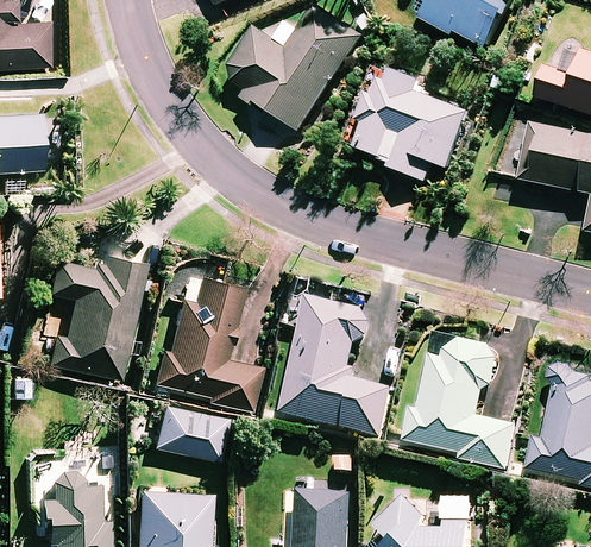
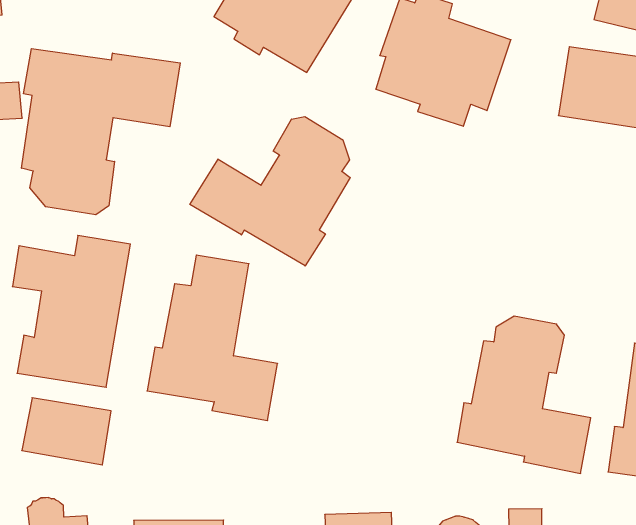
building: none -> [22,49,180,215]
building: none -> [190,117,350,266]
building: [278,300,388,438] -> none
building: [152,402,227,460] -> [22,398,111,465]

